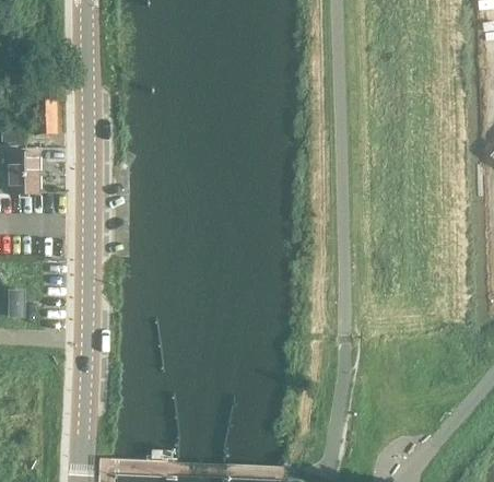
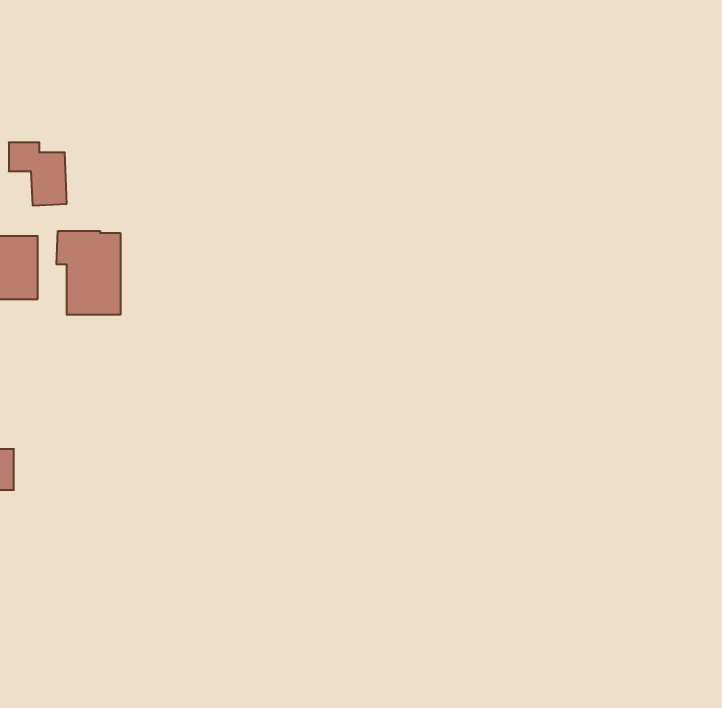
building: none -> [57,231,120,315]

